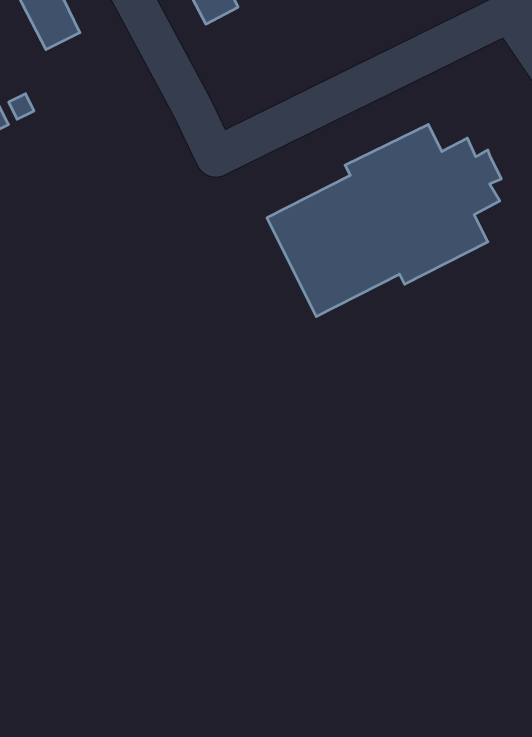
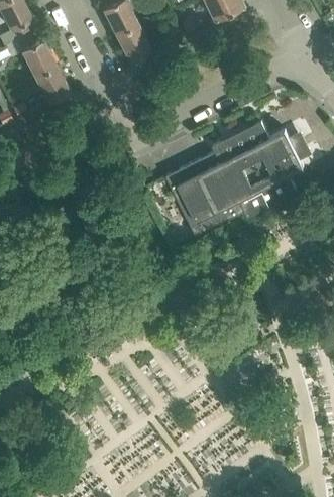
building: none -> [35,65,70,101]

